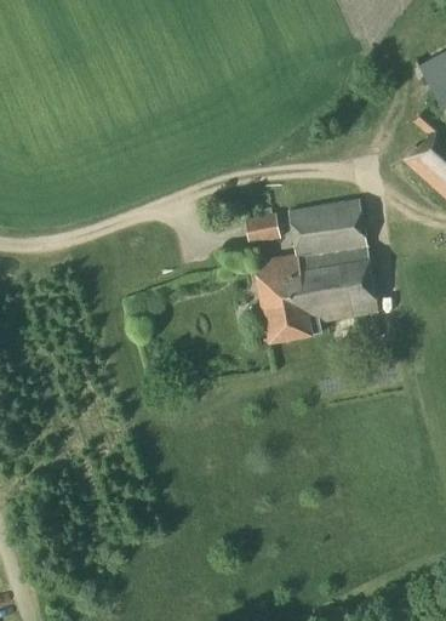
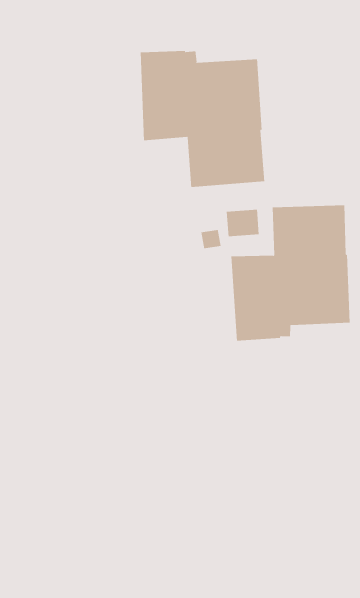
building: none -> [140,50,265,188]

